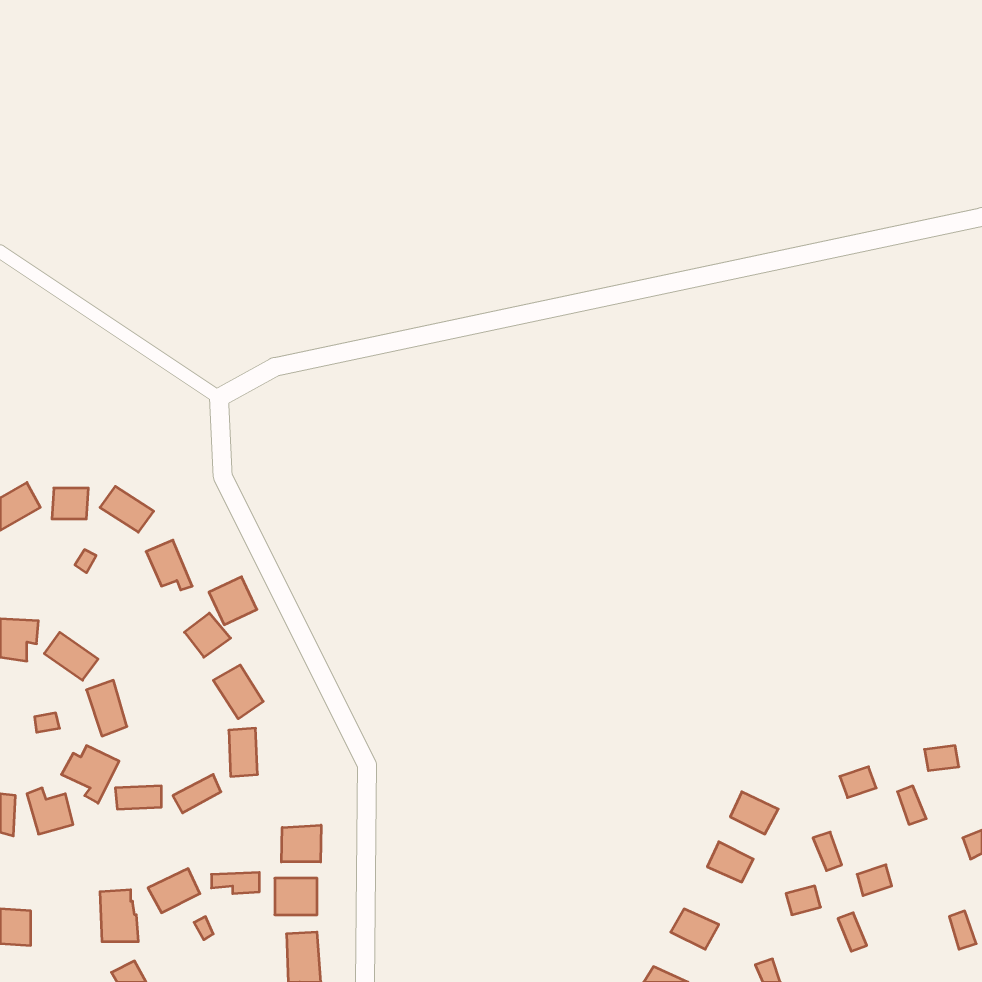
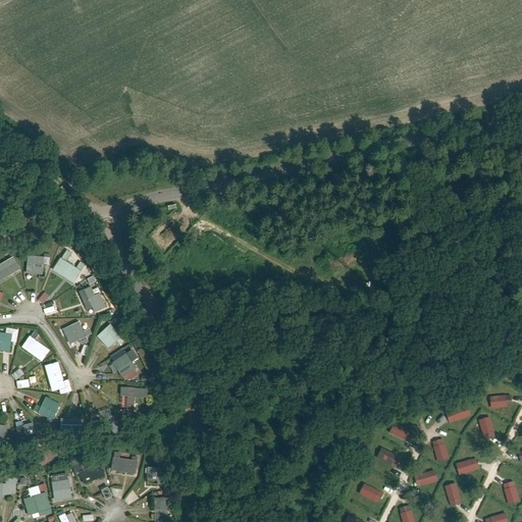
building: [209,577,257,625] -> [63,320,89,346]
building: [281,825,321,862] -> none
building: none -> [24,489,52,516]

